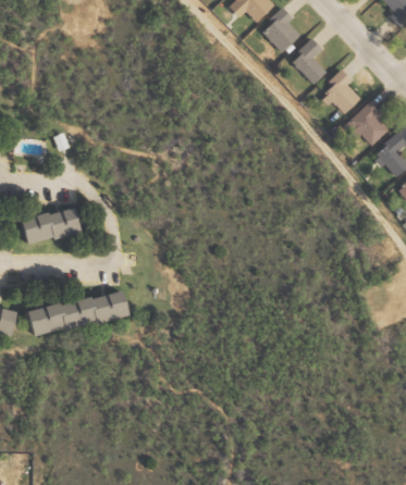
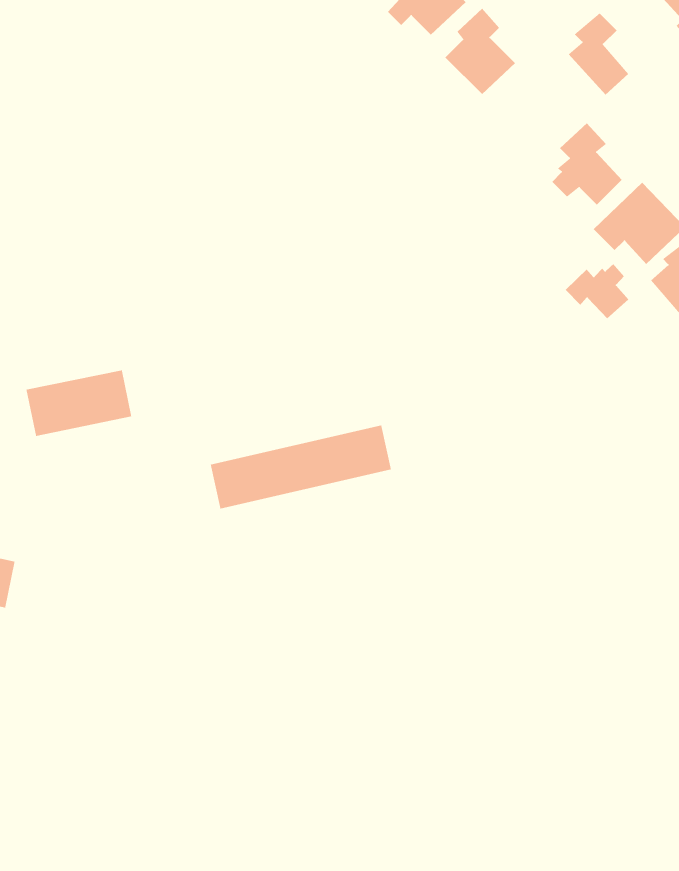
building: [292,40,325,86] -> [568,13,629,96]
building: none -> [565,263,629,319]
building: [36,288,136,335] -> [210,425,392,509]

